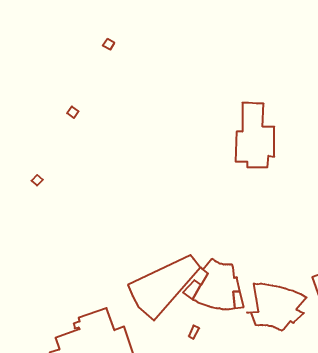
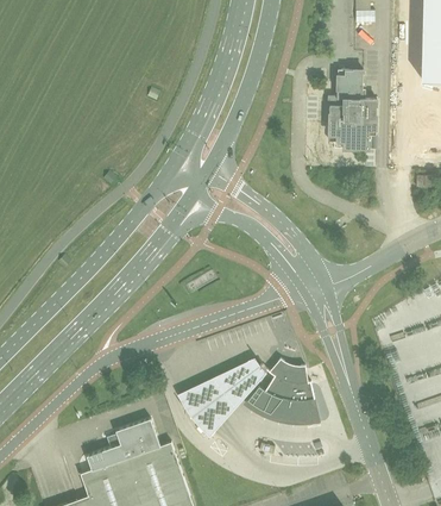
building: [236,103,274,167] -> [329,70,377,150]
building: [247,283,307,331] -> none

